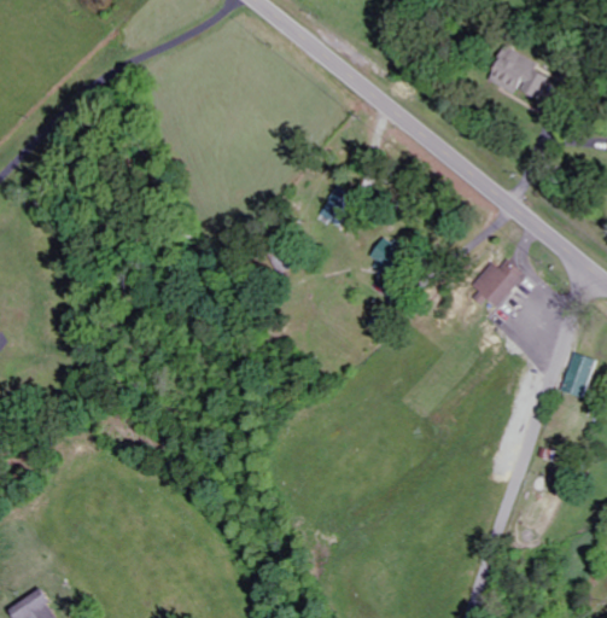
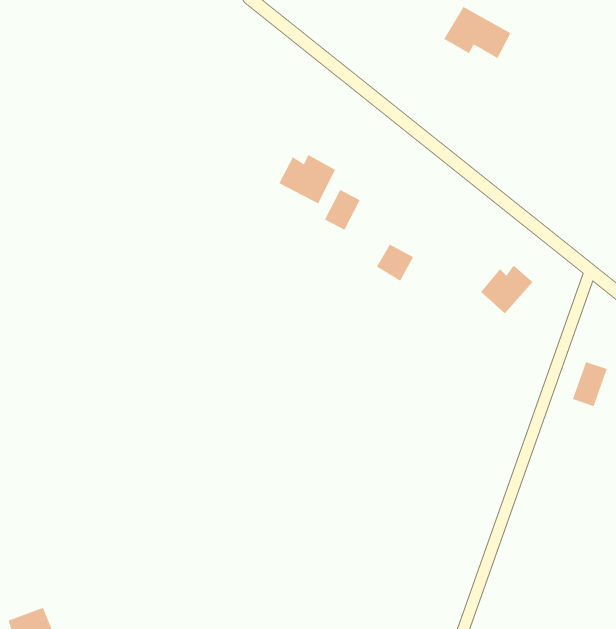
building: [488,48,554,100] -> [443,6,511,59]
building: none -> [278,154,336,204]

